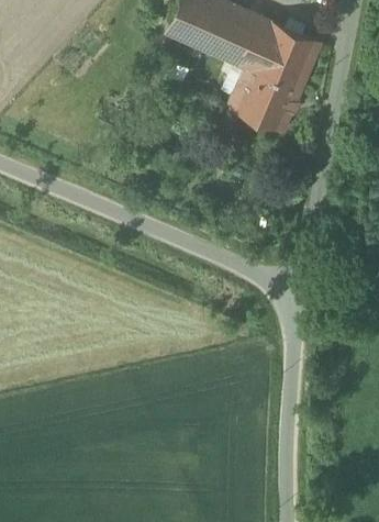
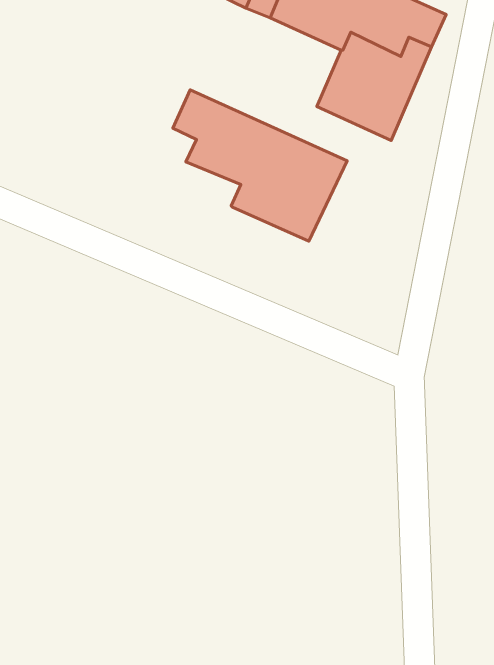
building: none -> [173,90,347,241]

